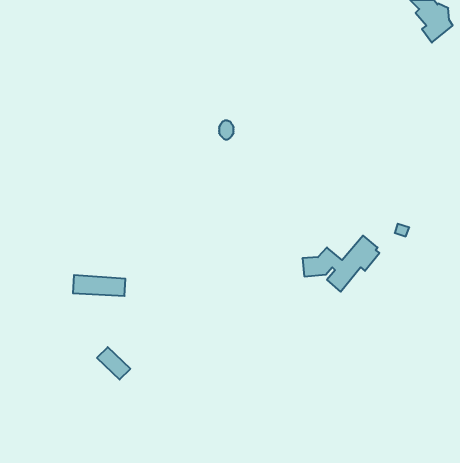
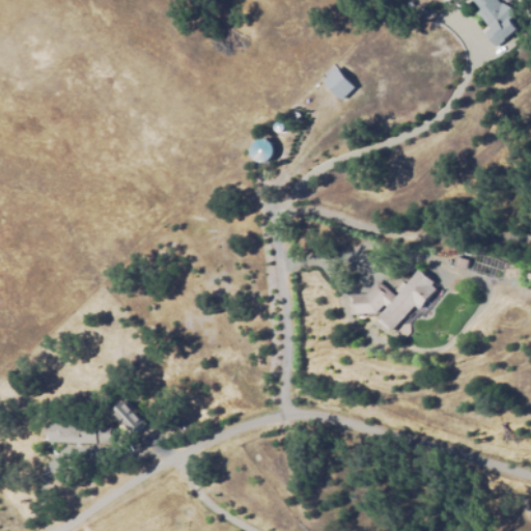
building: none -> [322,68,354,101]
building: [73,275,125,296] -> [49,417,109,441]

